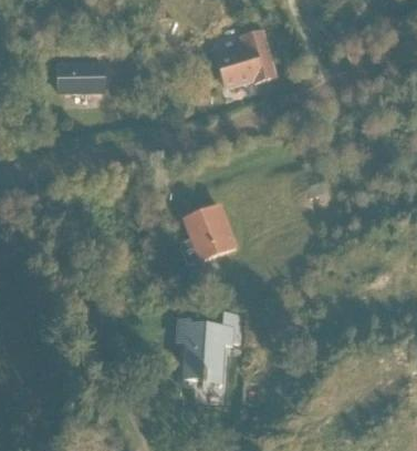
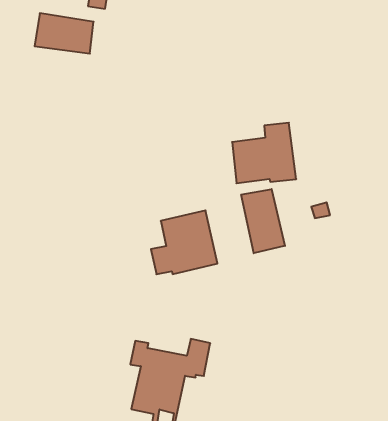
building: [217,31,274,88] -> [232,123,296,183]
building: none -> [241,189,285,253]

